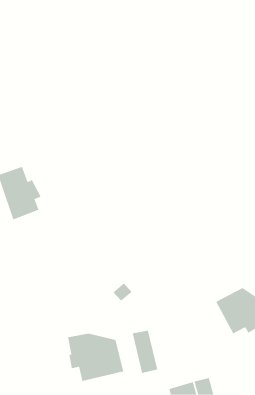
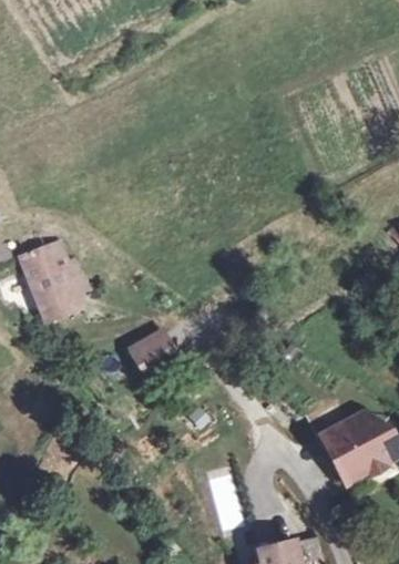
building: none -> [132,335,175,377]
building: [67,333,124,382] -> none

